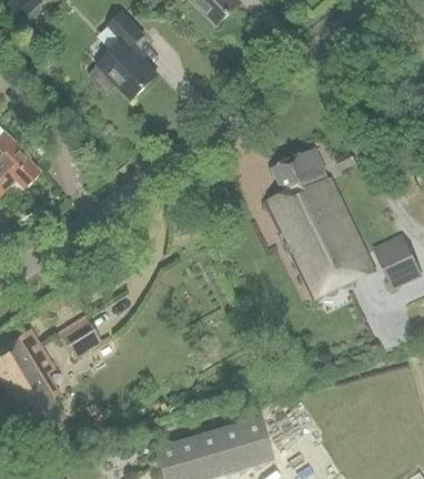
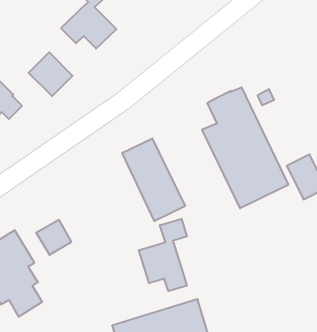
building: none -> [29,52,73,96]
building: none -> [122,138,185,221]
building: none -> [139,219,187,291]

